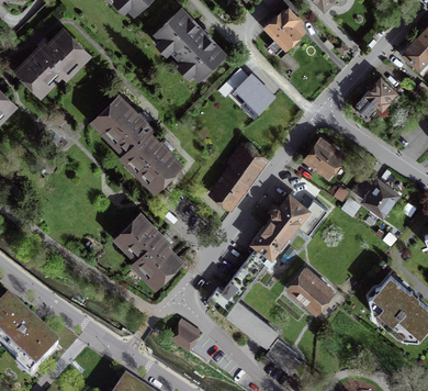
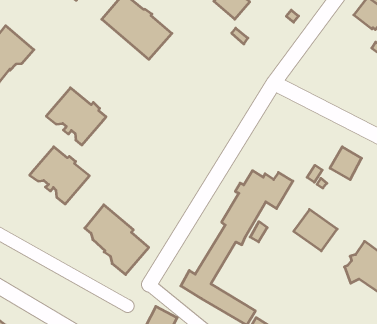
building: [236,74,274,111] -> none
building: [357,77,396,116] -> none
building: [122,131,180,188] -> [30,147,89,204]
building: [306,138,342,175] -> none
building: [214,147,263,203] -> none
building: [290,267,333,309] -> [294,209,337,251]

